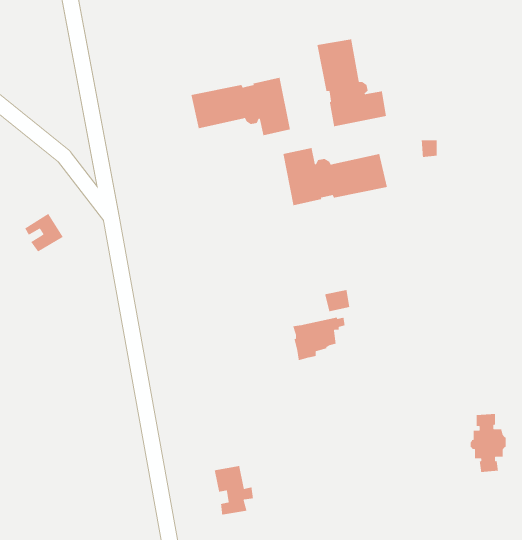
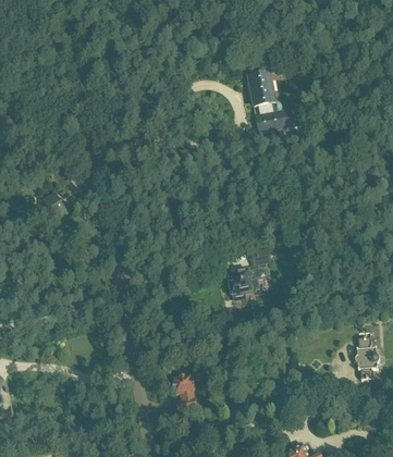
building: [190,77,291,136] -> none
building: [282,147,388,206] -> none

